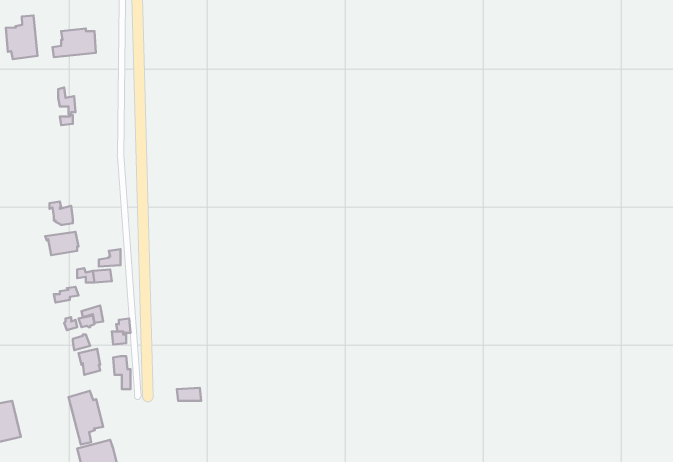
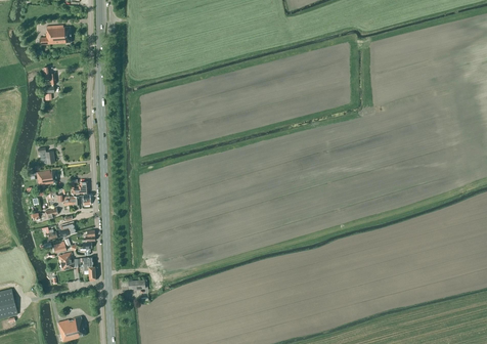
building: [6,16,38,59] -> none
building: [68,391,103,445] -> none

